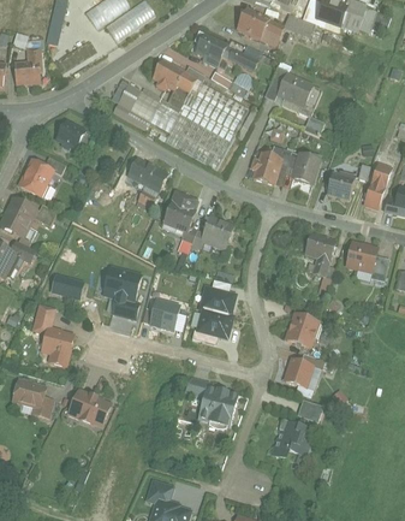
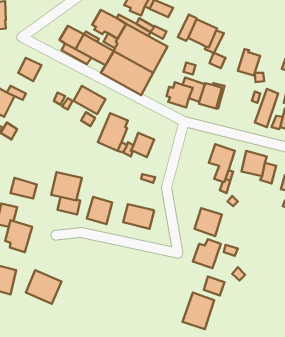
building: [326,166,355,200] -> [238,49,260,76]
building: [197,284,237,314] -> none
building: [201,389,240,431] -> none

